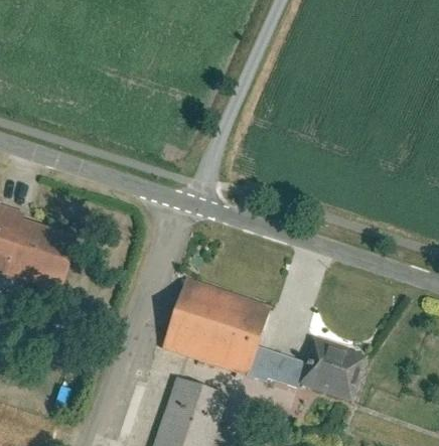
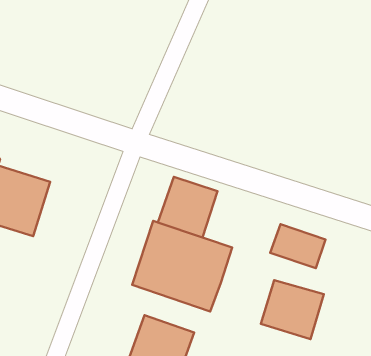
building: none -> [158,177,218,238]
building: [245,342,303,389] -> [270,224,325,268]

